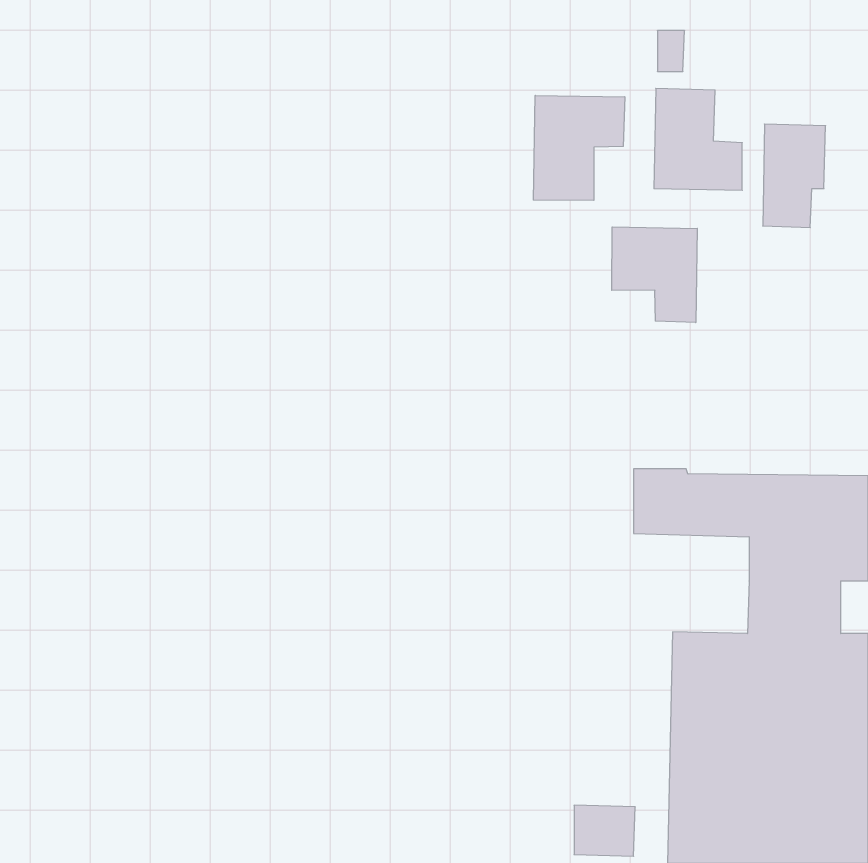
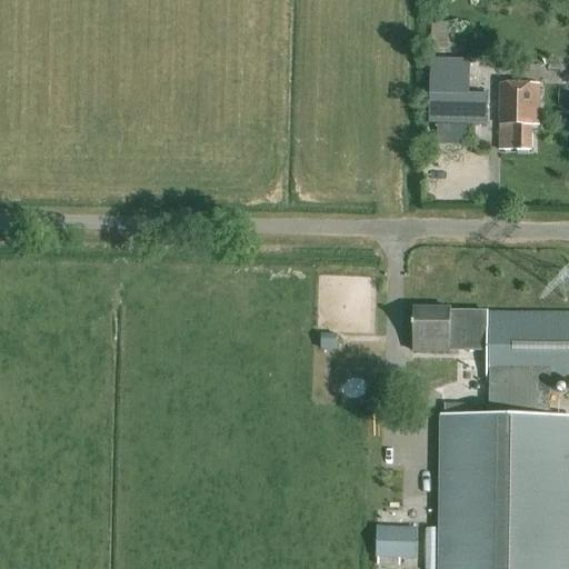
building: [533,95,625,200] -> none
building: [612,227,697,323] -> none

